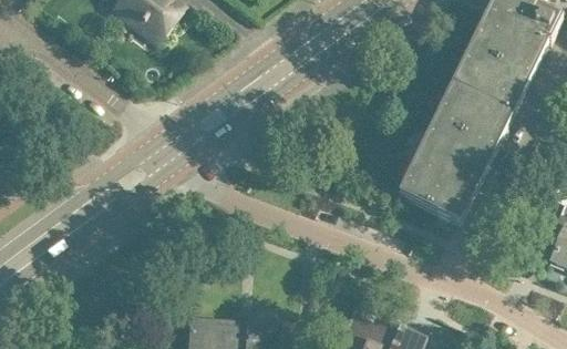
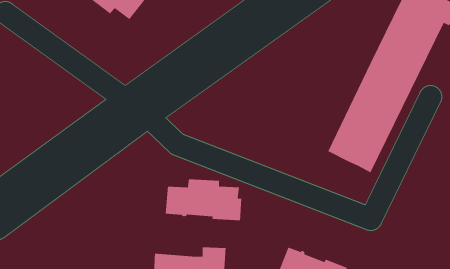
building: none -> [165,178,242,221]

